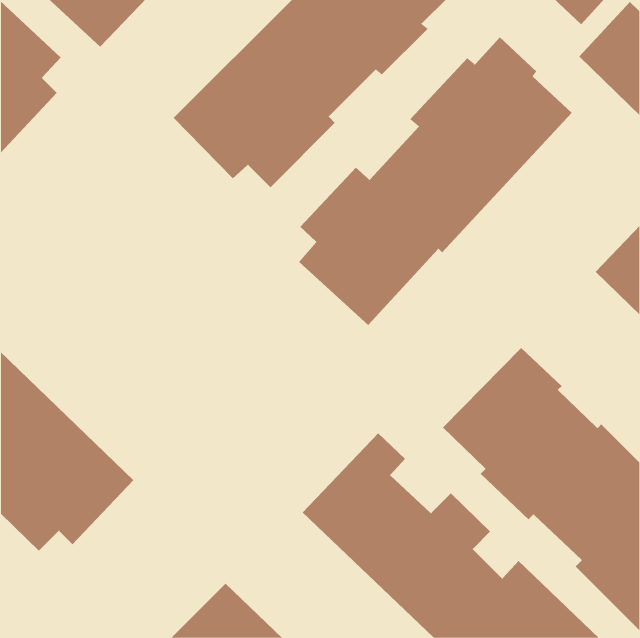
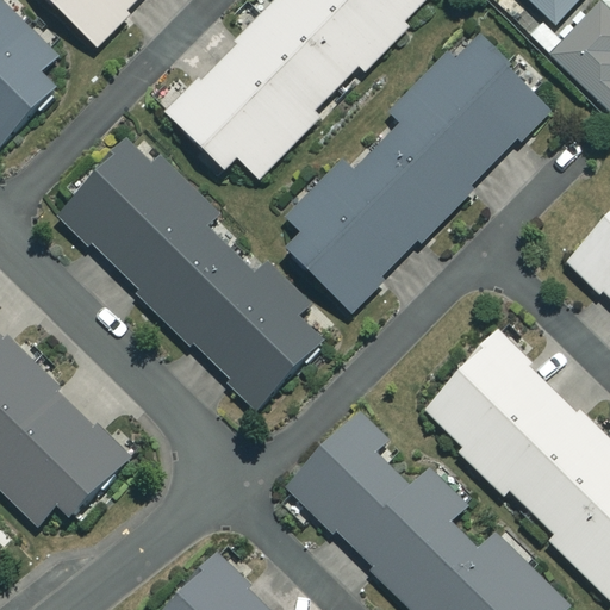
building: none -> [56,139,320,407]

